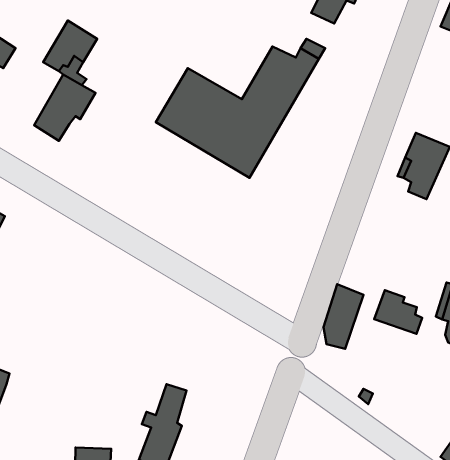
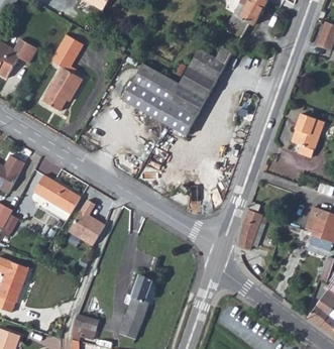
building: none -> [34,176,80,213]
building: none -> [68,201,104,246]
building: [374,290,422,334] -> none

